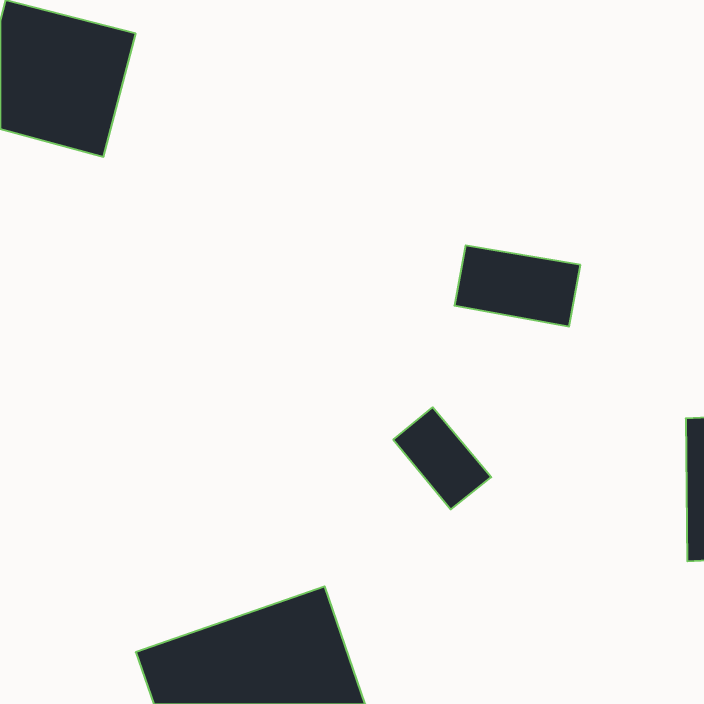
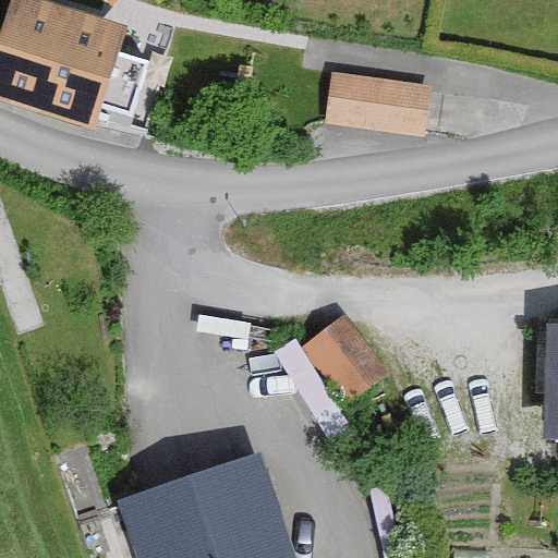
building: [454,245,580,327] -> [329,70,427,133]

